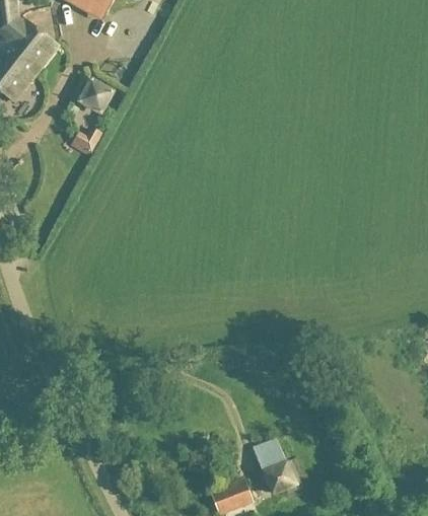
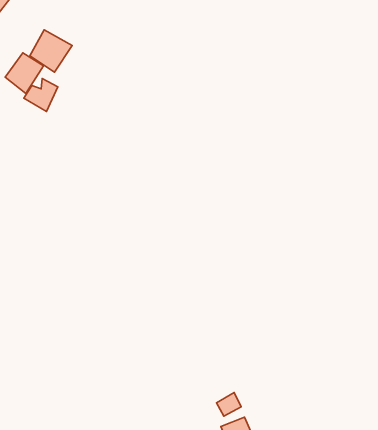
building: none -> [5,53,44,93]

